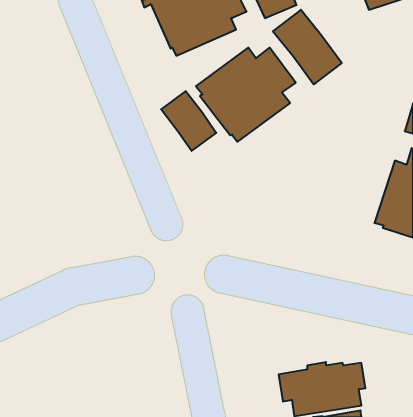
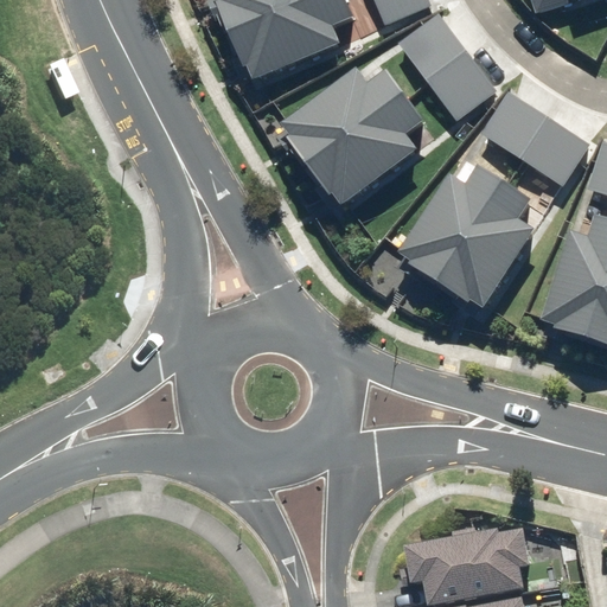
building: none -> [478,91,587,187]
building: [161,91,216,151] -> none
building: none -> [400,166,537,309]

